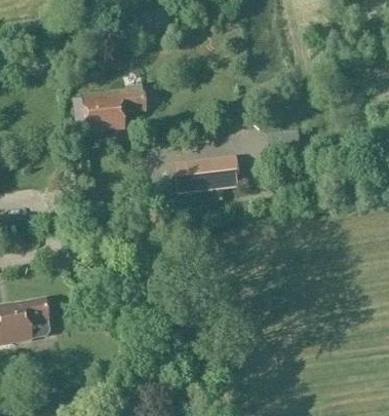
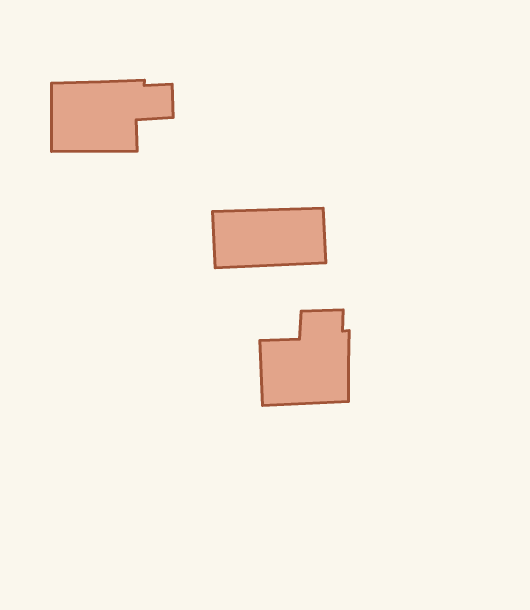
building: none -> [260,310,349,406]

